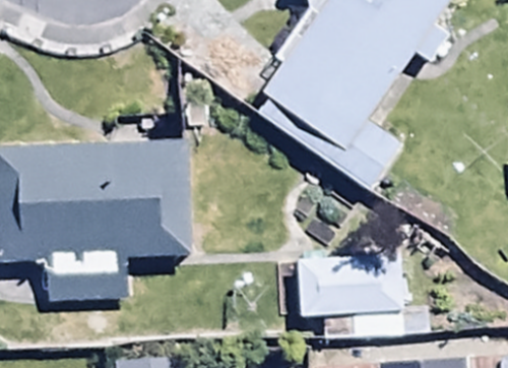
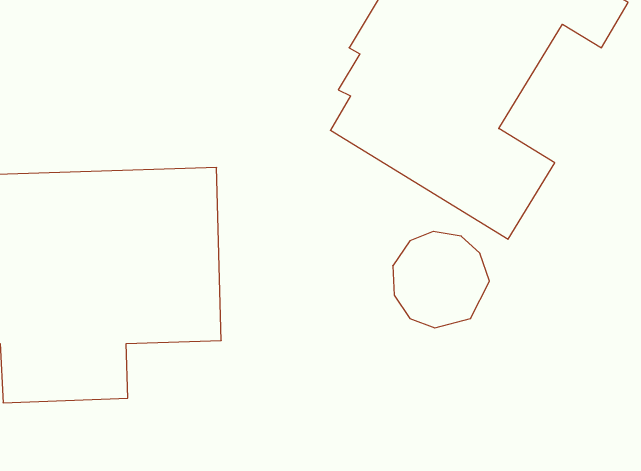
building: [299,255,426,335] -> none

